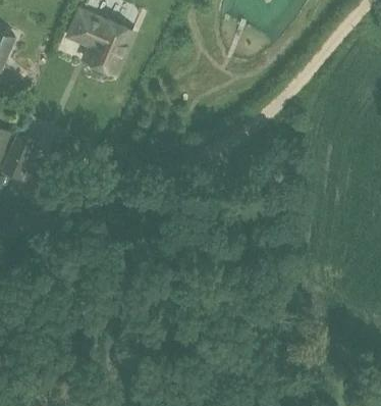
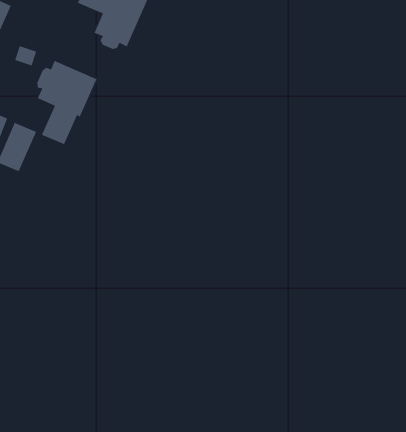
building: none -> [36,60,98,145]

